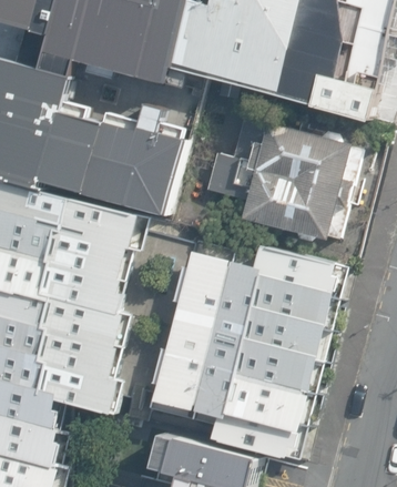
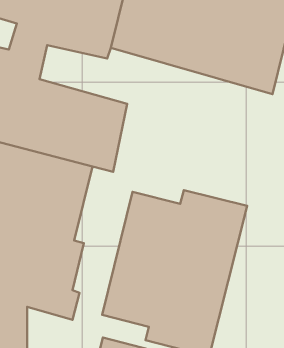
building: [202,121,352,240] -> none

